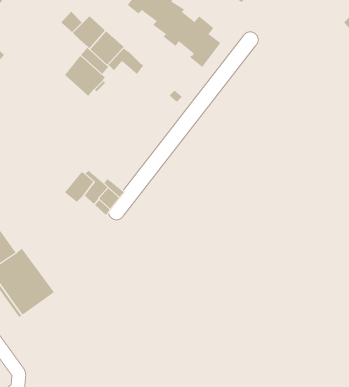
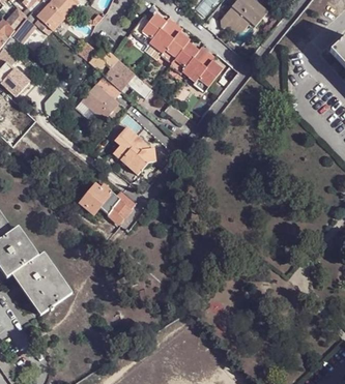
building: none -> [111,125,150,174]

